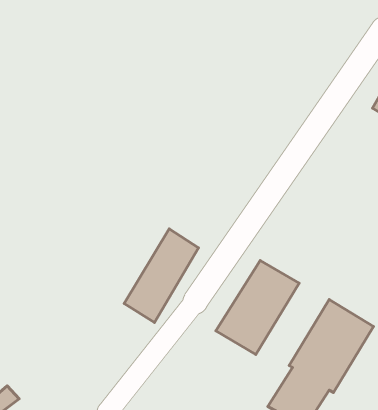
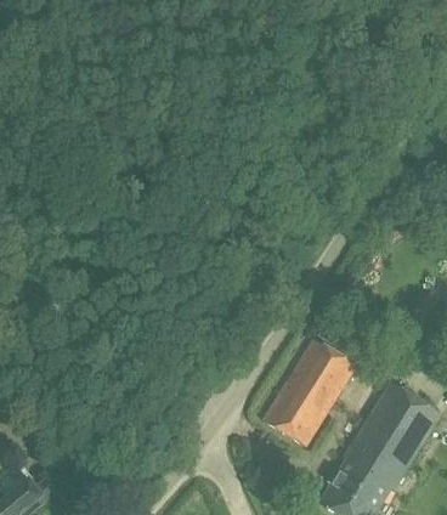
building: [124,229,199,322] -> none

